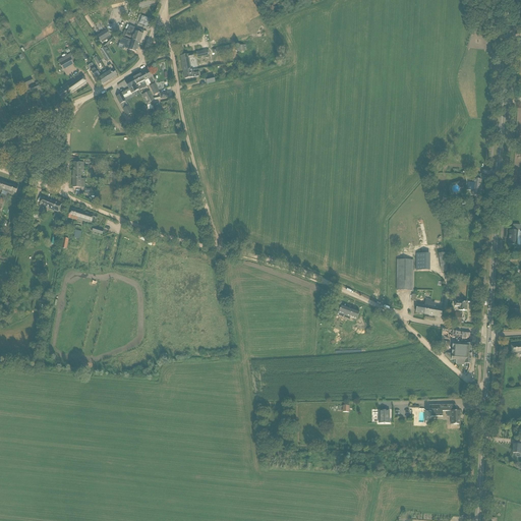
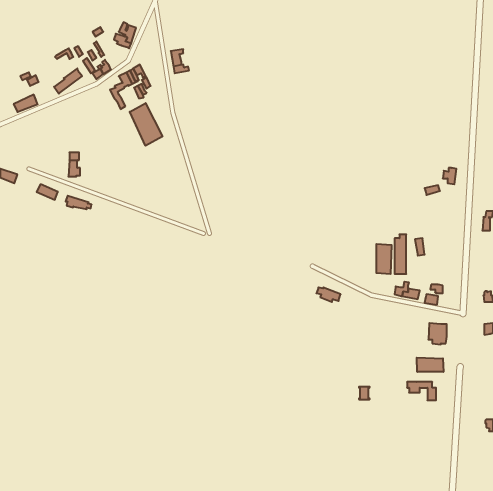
building: none -> [130,103,162,146]
building: none -> [417,358,443,372]

